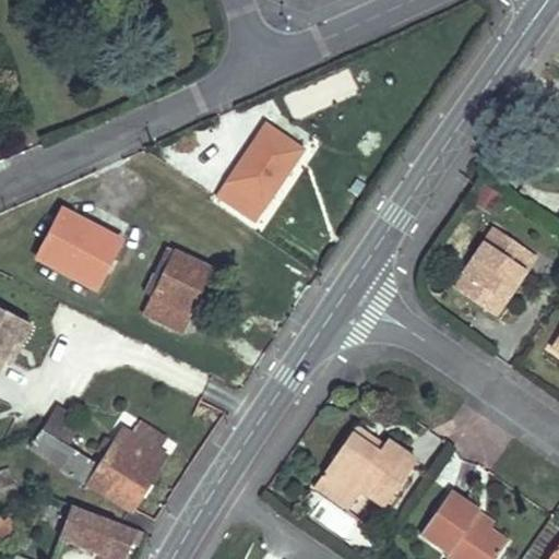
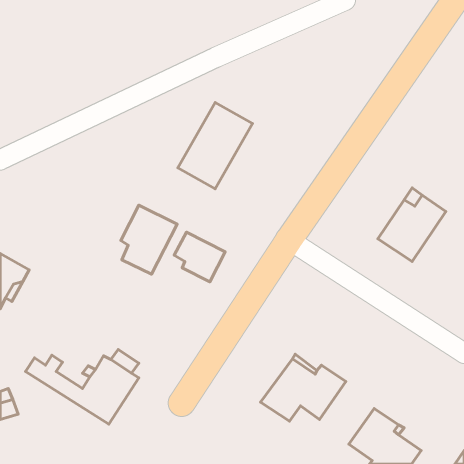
building: [39,210,124,290] -> none
building: none -> [174,232,225,282]
building: [63,506,144,551] -> none

